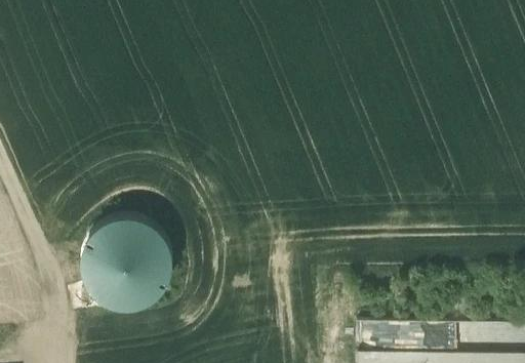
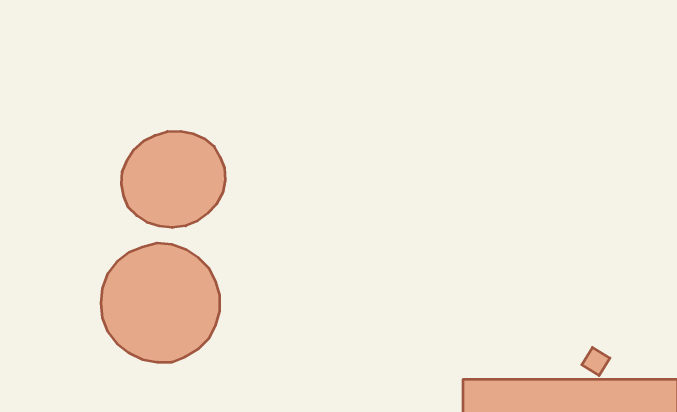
building: none -> [121,131,225,228]

